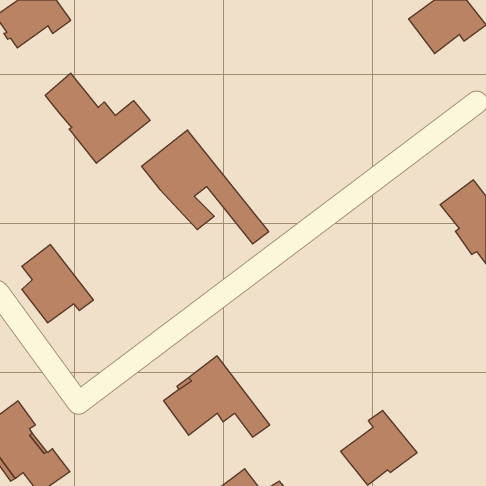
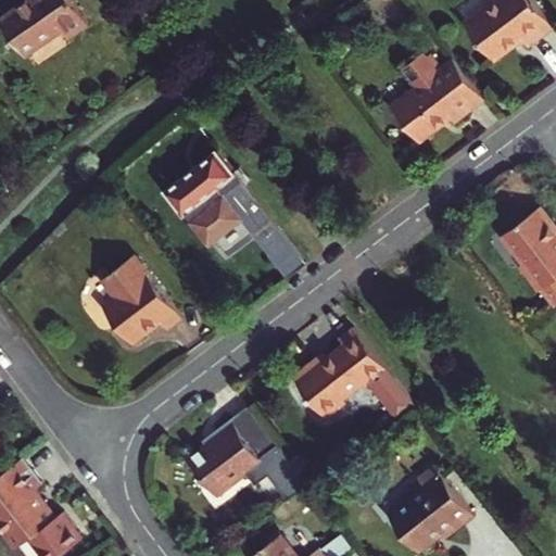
building: none -> [391,54,482,143]
building: [45,73,150,163] -> none
building: [22,244,93,323] -> [99,256,180,345]
building: none -> [292,327,414,420]

